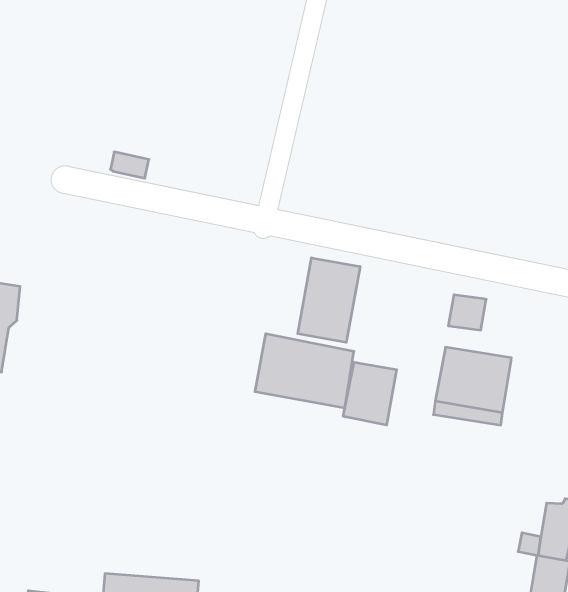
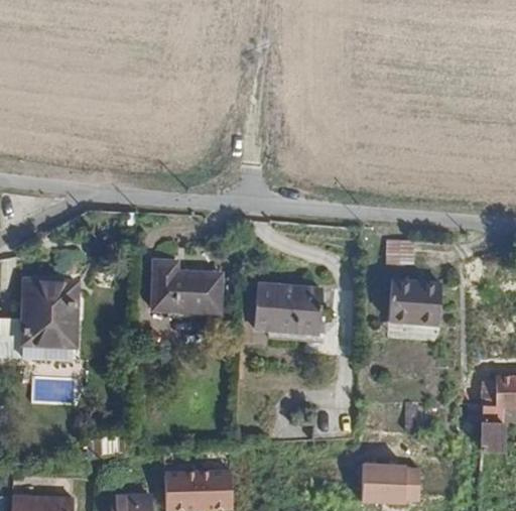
building: [298,258,360,342] -> none
building: none -> [151,260,222,311]
building: [343,362,397,425] -> none

